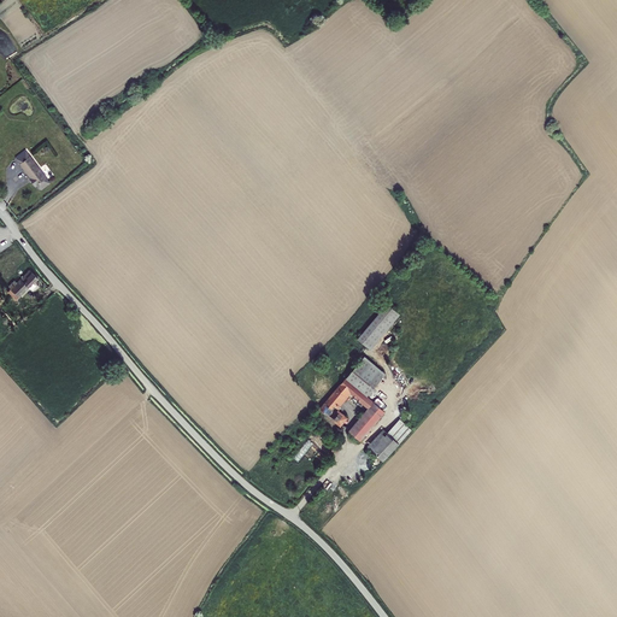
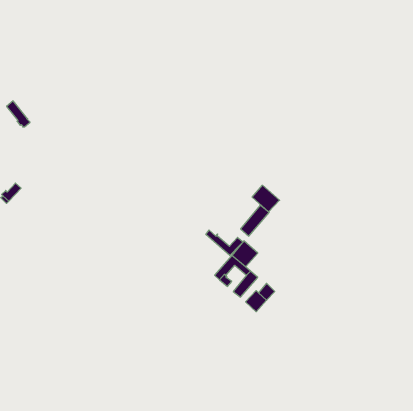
building: none -> [252,185,280,212]
building: none -> [206,230,243,256]

